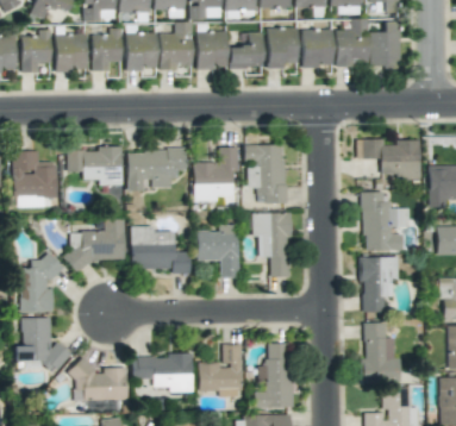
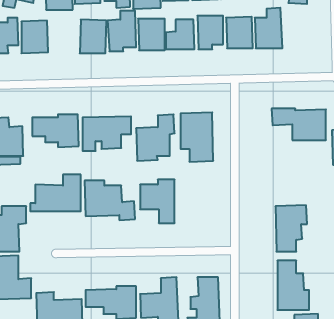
building: [369,20,400,67] -> none
building: [92,27,121,71] -> none
building: [363,193,410,251] -> none
building: [252,212,292,276] -> none

